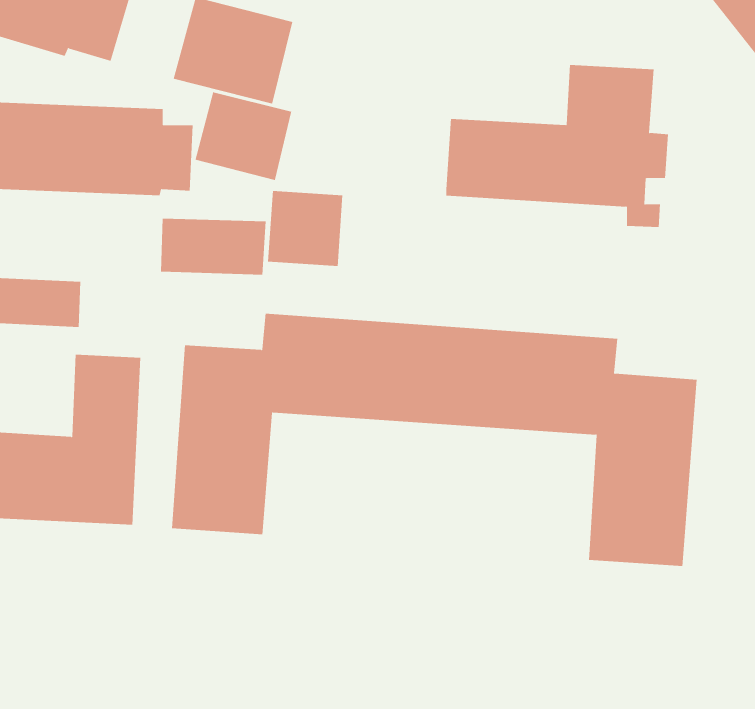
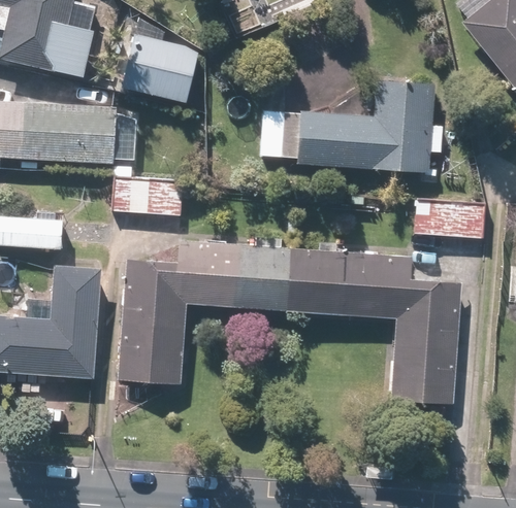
building: [195,91,292,181] -> none
building: [267,191,343,267] -> [252,109,301,159]
building: none -> [415,201,486,238]

